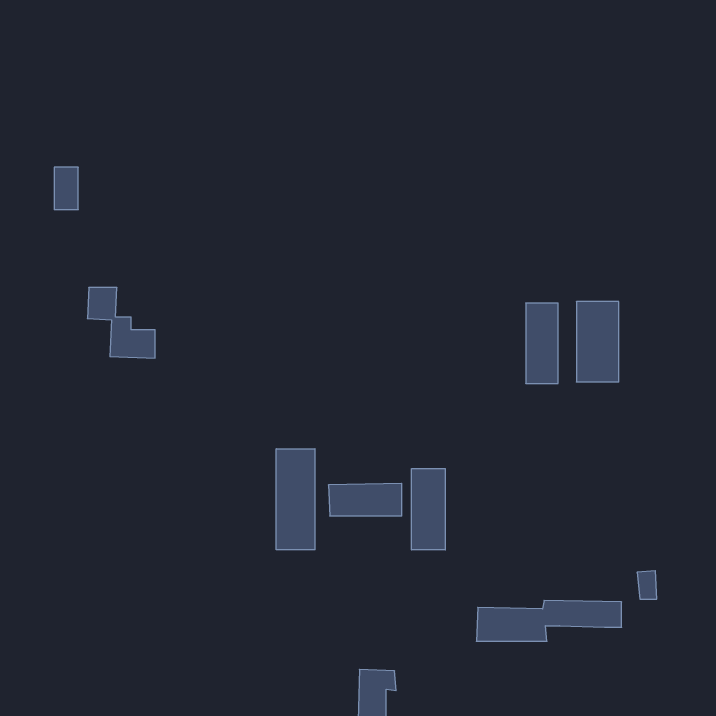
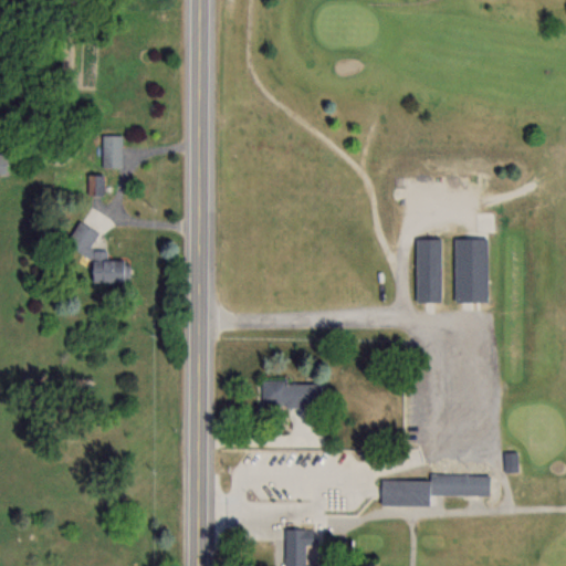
building: [54,167,78,210] -> [103,137,122,170]
building: [276,449,315,550] -> none
building: [412,469,445,550] -> none

